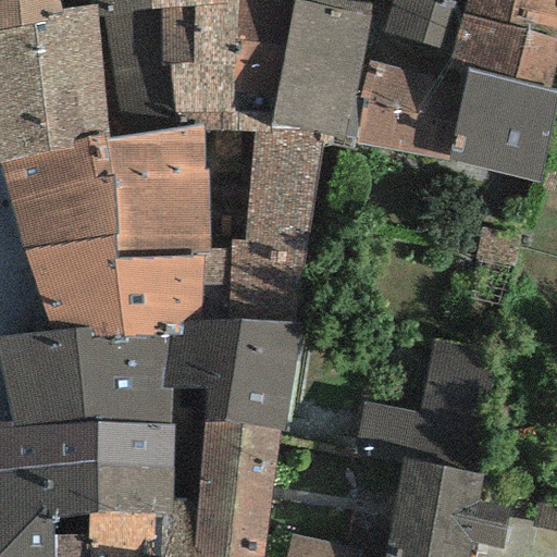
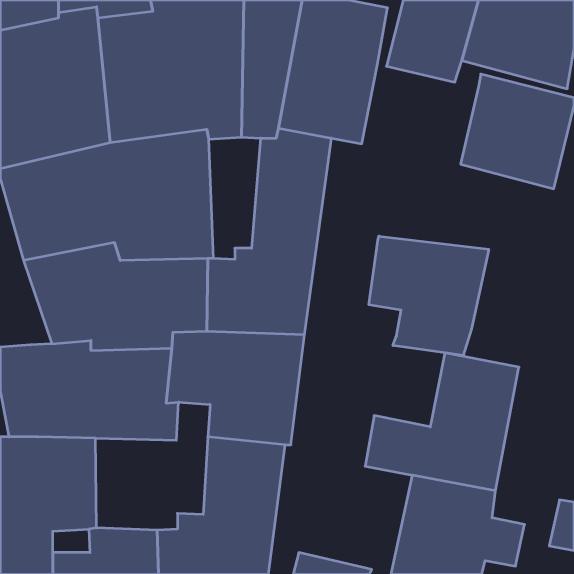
building: [350,62,463,159] -> none
building: none -> [369,236,489,356]
building: [92,424,172,513] -> none

